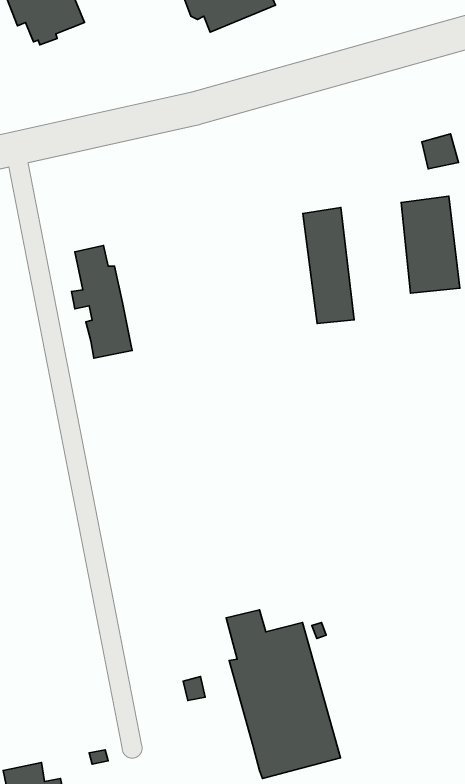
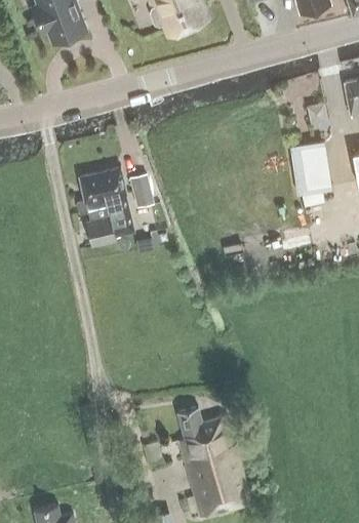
building: [303,208,354,324] -> none
building: none -> [98,167,134,235]
building: none -> [129,173,155,207]

